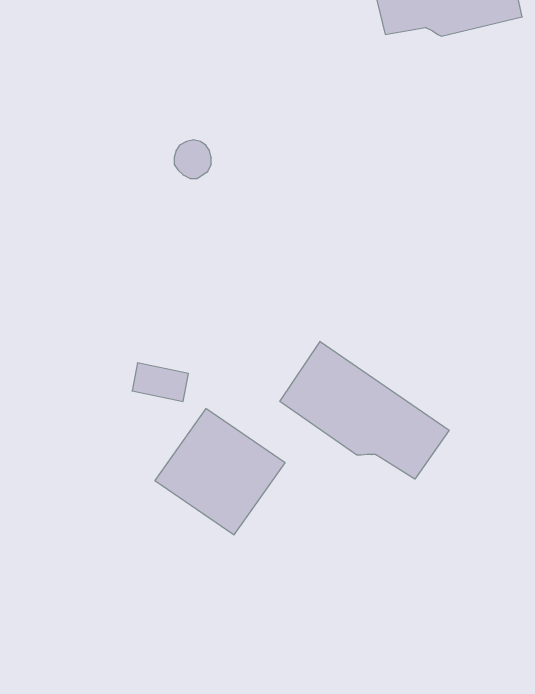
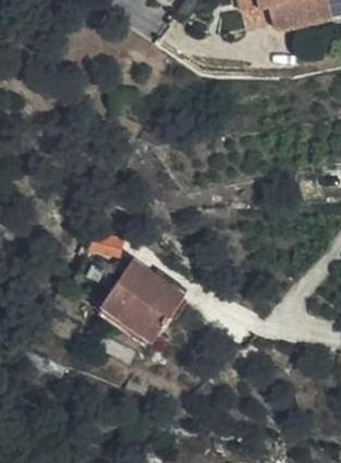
building: [280,341,449,479] -> none

